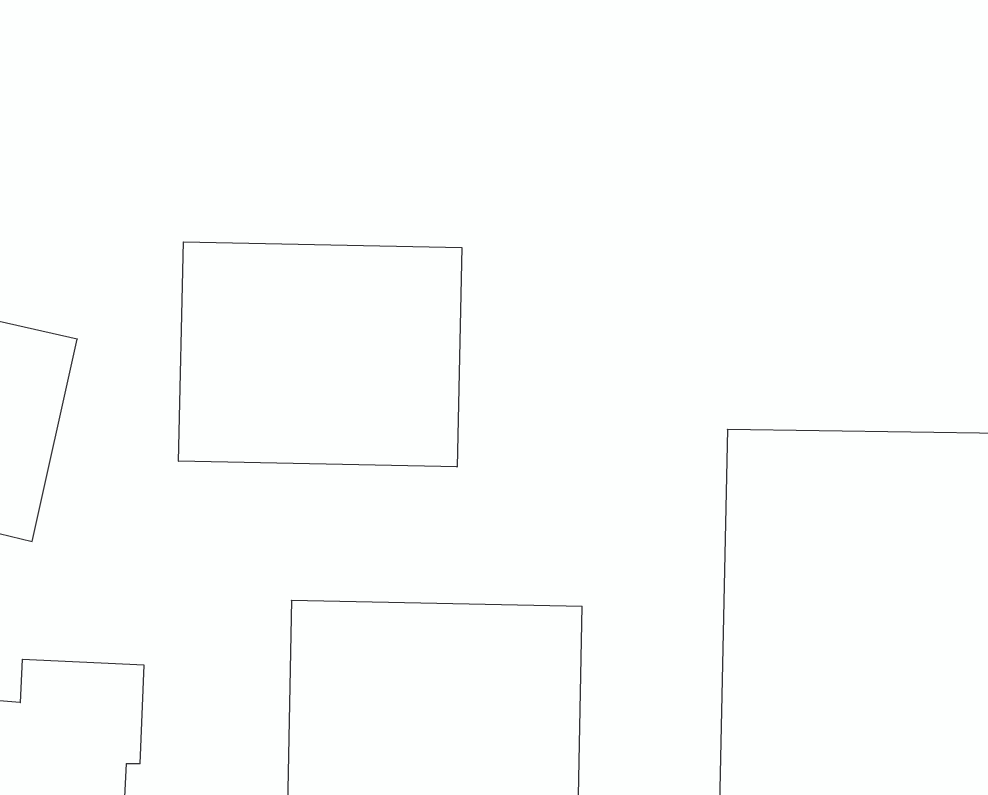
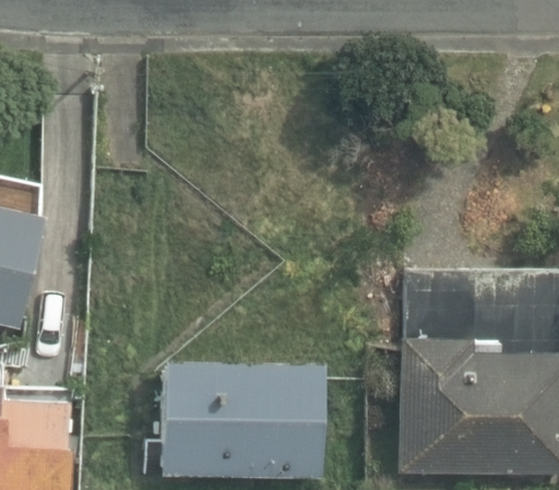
building: [179,242,462,467] -> none

